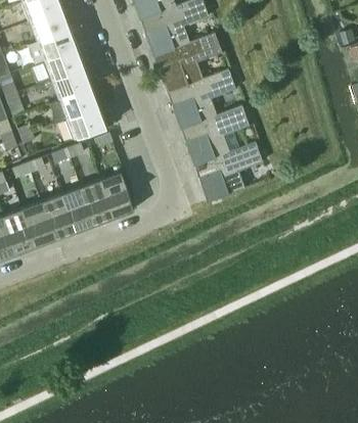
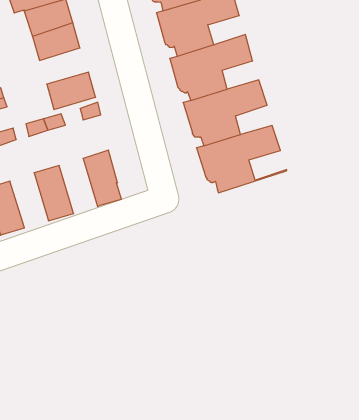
building: [50,88,100,124] -> none
building: [81,179,115,225] -> none
building: [41,193,75,239] -> none

